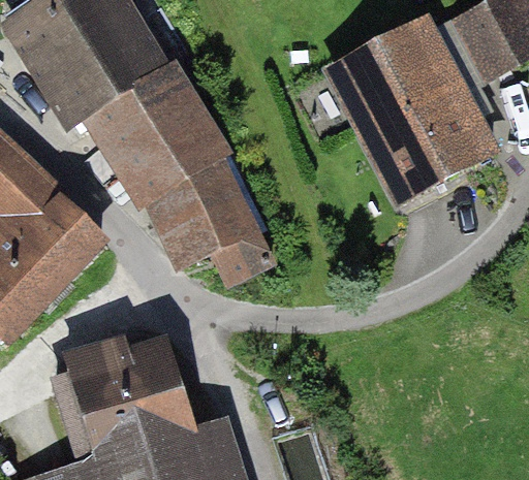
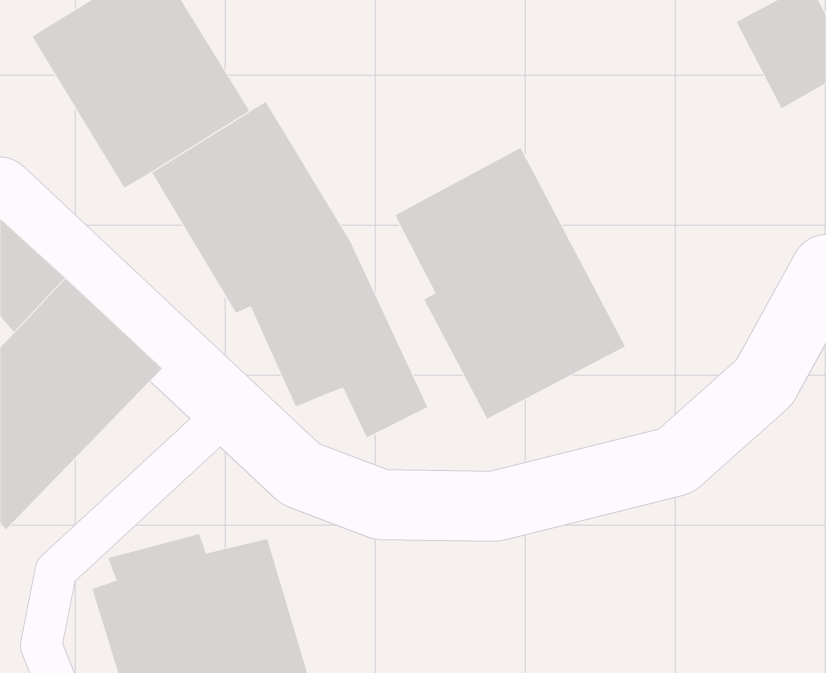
building: [345,23,493,196] -> [394,147,626,419]

